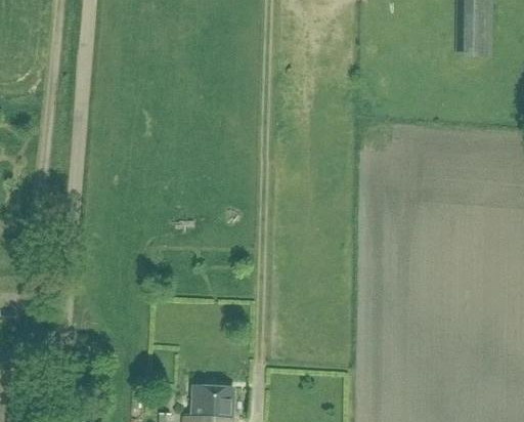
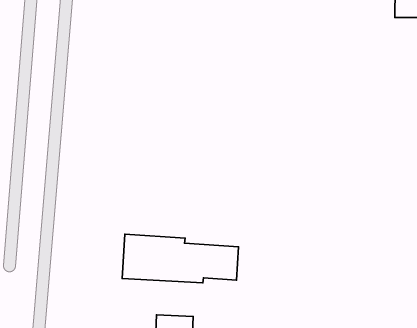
building: none -> [122,234,239,283]

